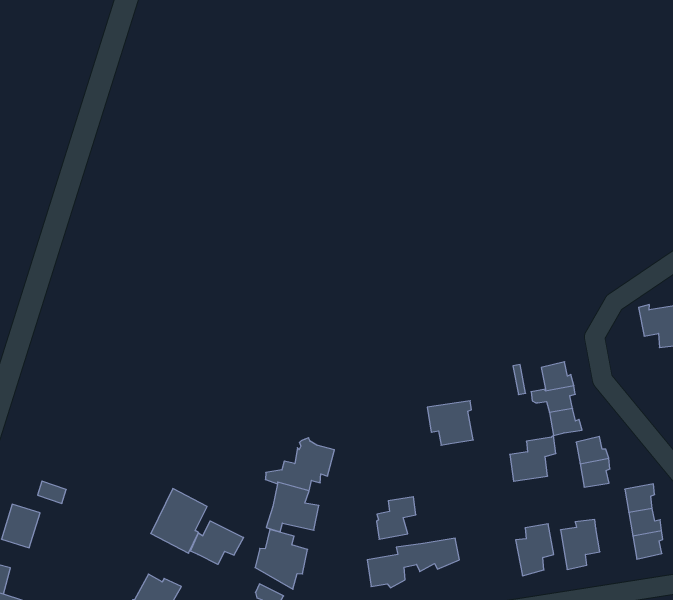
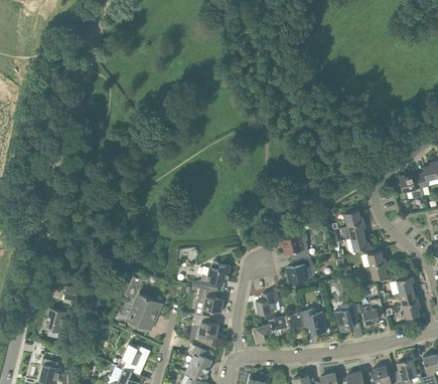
building: [510,436,556,481] -> [286,256,312,283]
building: [190,521,244,564] -> none
building: none -> [302,310,327,335]

